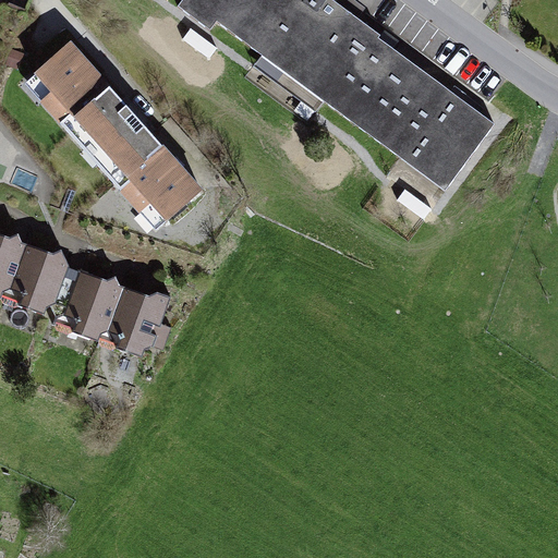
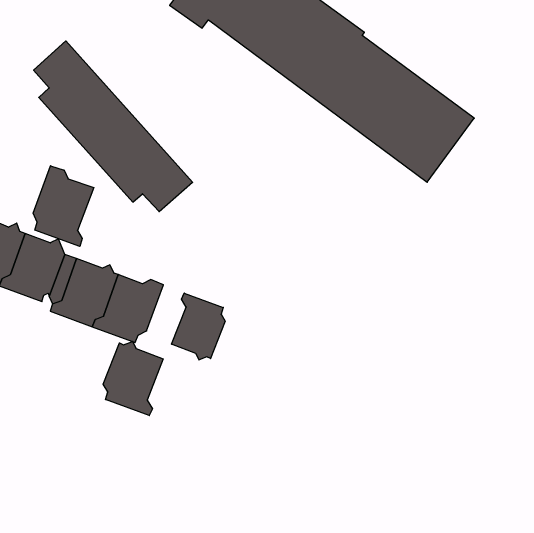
building: none -> [33,166,94,246]
building: none -> [172,293,225,360]
building: none -> [103,341,163,416]

